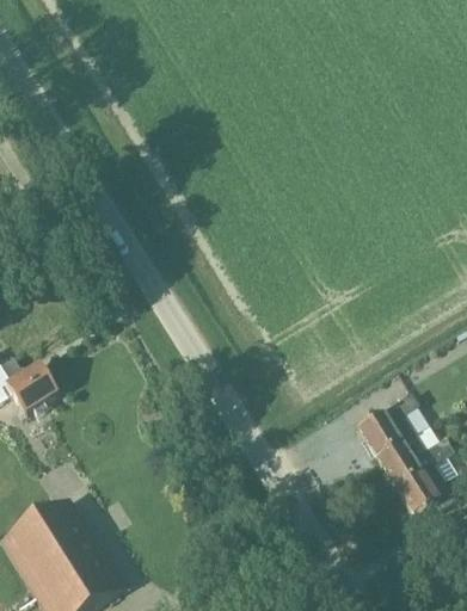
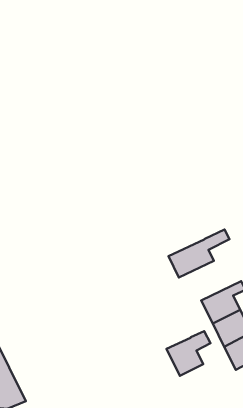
building: none -> [168,230,230,278]
building: none -> [167,331,210,376]

